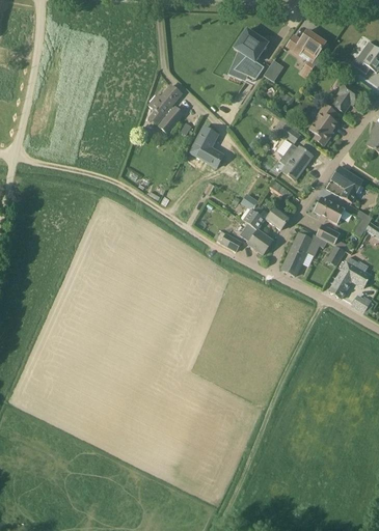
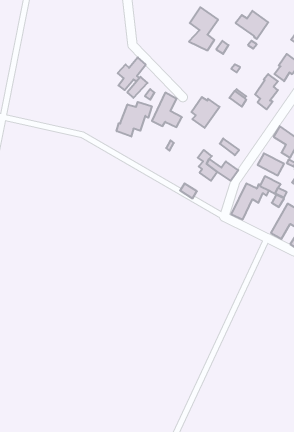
building: none -> [117,102,152,137]
building: [280,143,314,179] -> [191,97,220,128]
building: [240,220,273,253] -> none

